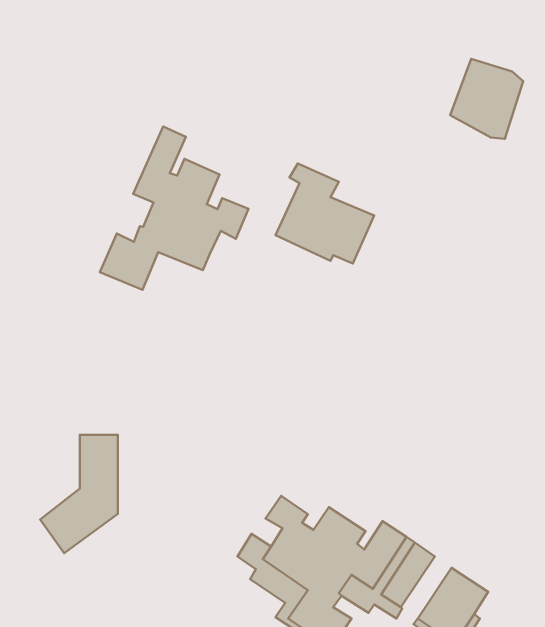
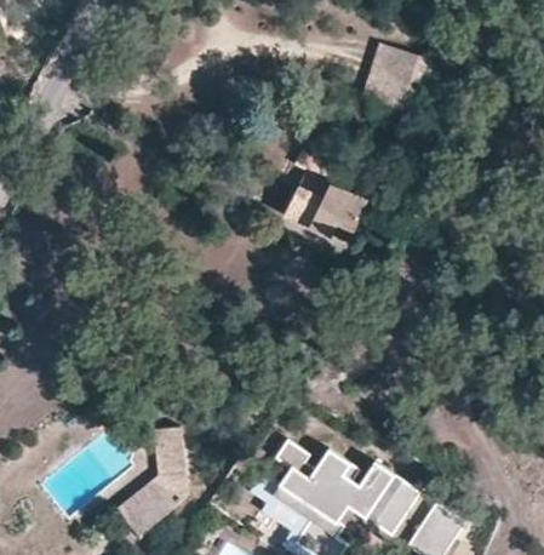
building: [450,59,523,139] -> [361,45,424,114]
building: [100,127,249,290] -> none
building: [40,435,118,553] -> [127,437,194,539]

